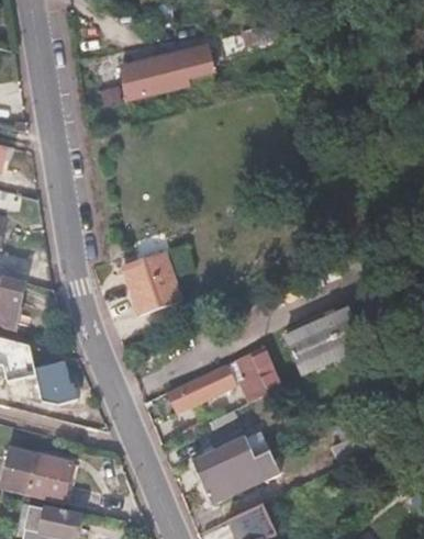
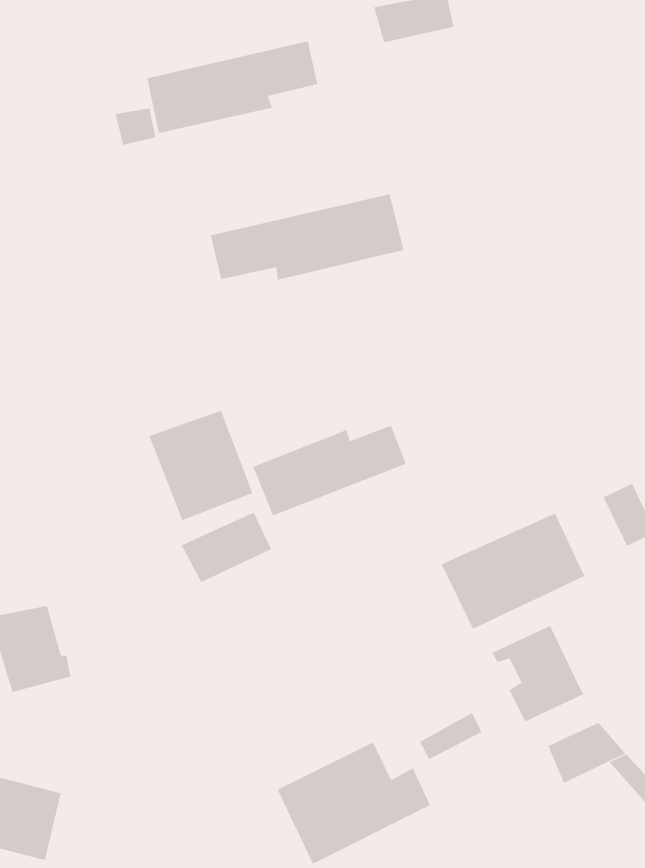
building: none -> [210,193,404,281]
building: none -> [253,425,407,516]
building: [228,347,280,401] -> [491,625,584,722]
building: [166,372,216,412] -> [181,512,272,583]

